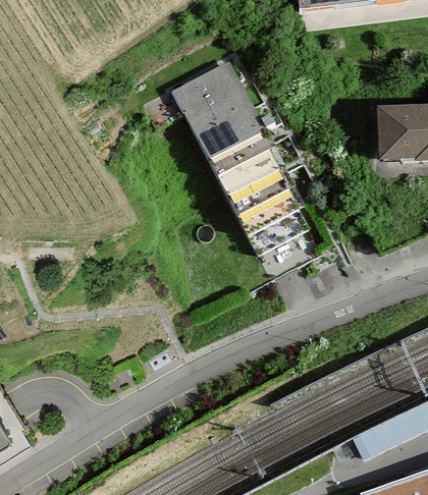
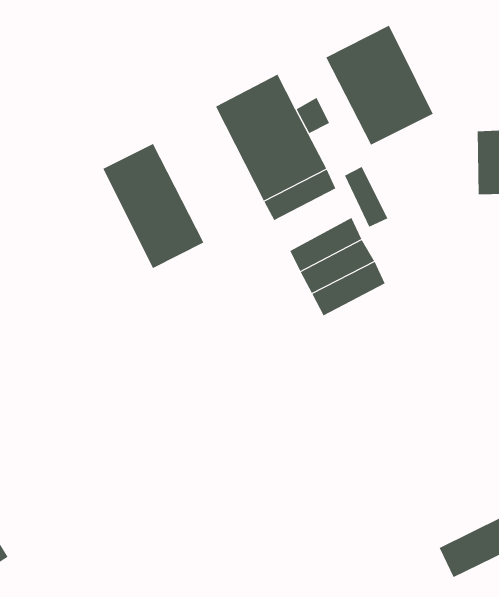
building: none -> [325,25,434,146]
building: none -> [102,143,204,269]
building: [220,156,281,205] -> none

